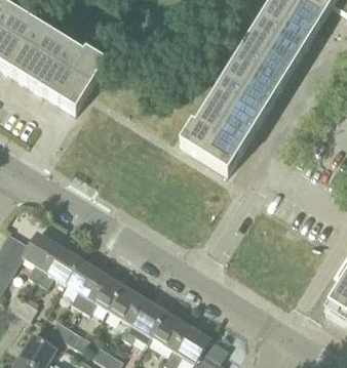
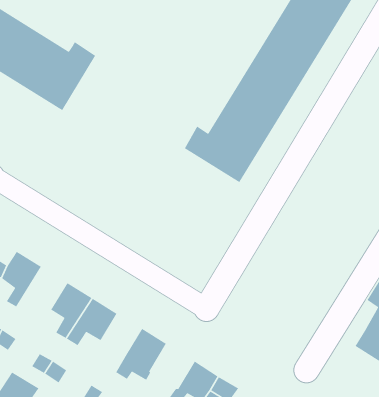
building: [36,241,79,282] -> none
building: [108,281,143,317] -> none
building: [150,306,188,344] -> none

